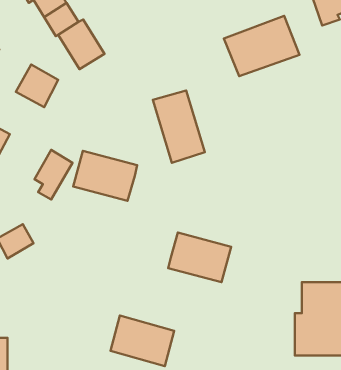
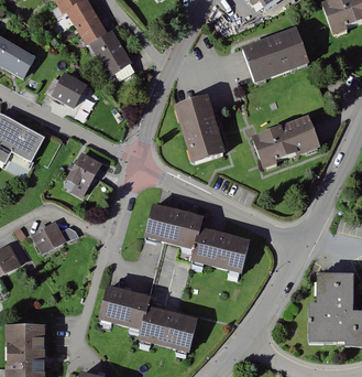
building: none -> [251,114,320,169]
building: [73,151,137,201] -> [142,205,201,251]
building: none -> [95,286,147,330]

